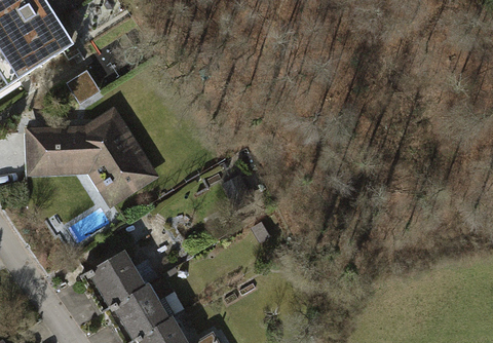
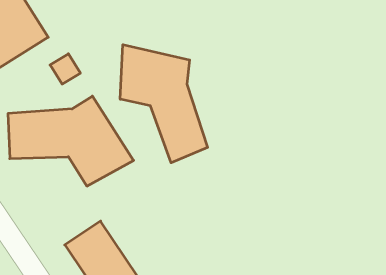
building: none -> [120,45,208,163]

